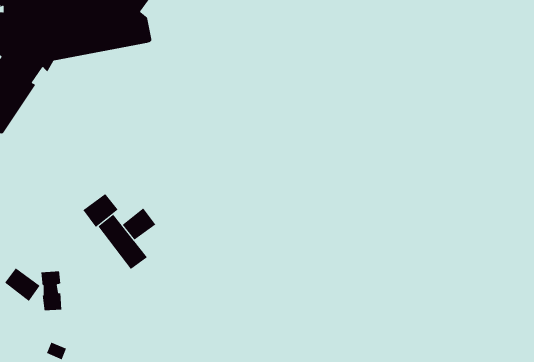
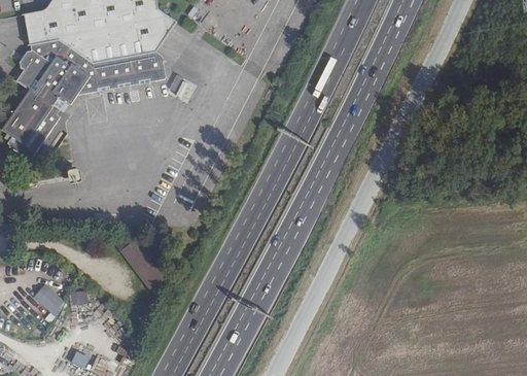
building: [83,193,118,228] -> none
building: [122,207,156,241] -> none

